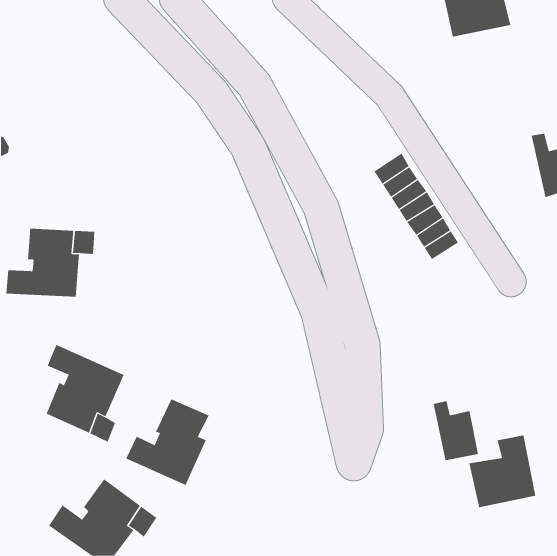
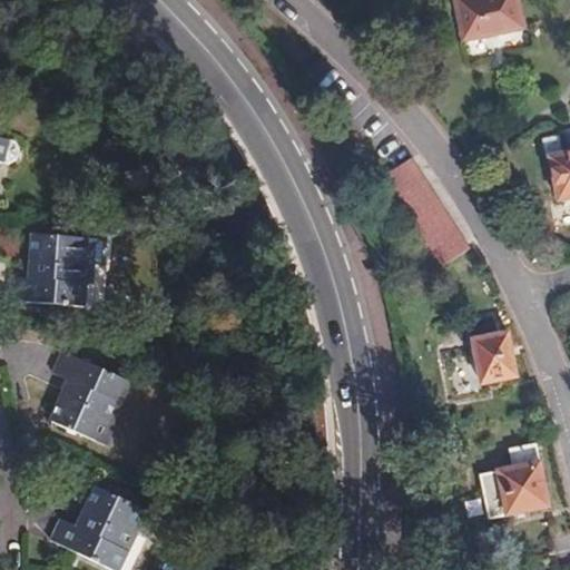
building: [125,398,210,486] -> none
building: [433,401,479,461] -> [469,322,515,383]

